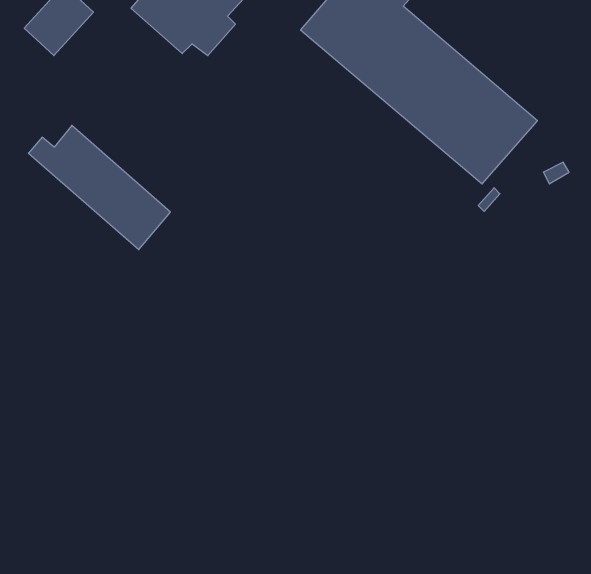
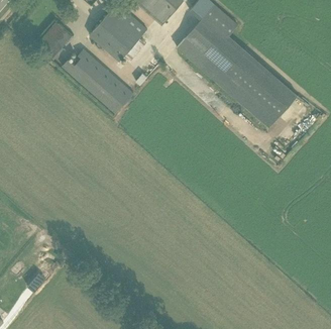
building: [28,125,170,250] -> [59,49,131,113]

